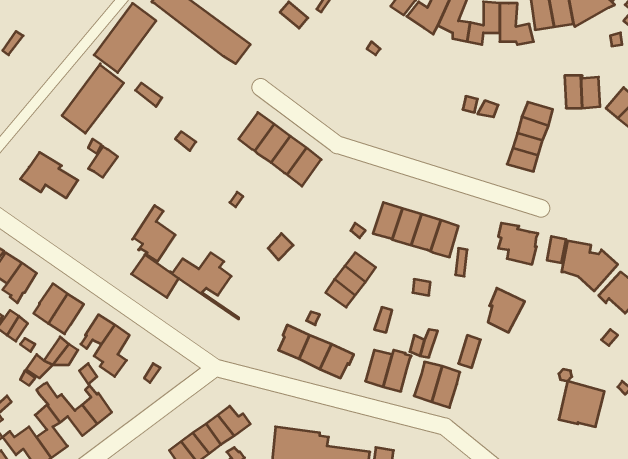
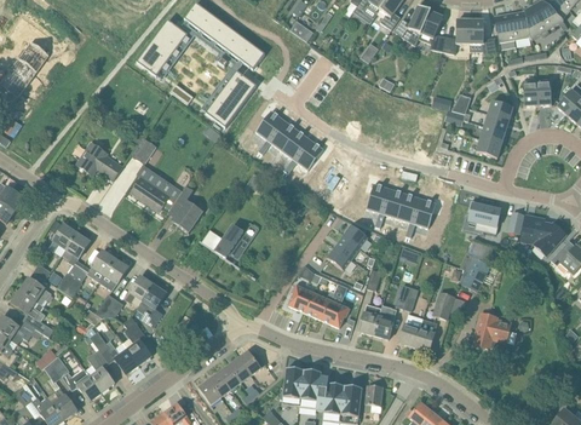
building: [62,64,124,133] -> [206,70,257,127]
building: [131,255,179,298] -> [131,176,169,211]
building: [559,381,604,427] -> [473,312,511,350]

